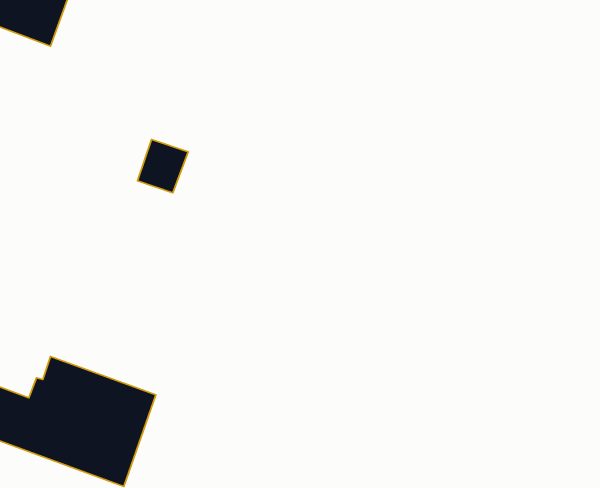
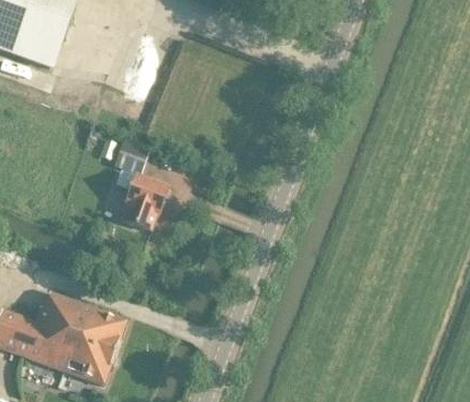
building: none -> [115,170,169,230]

